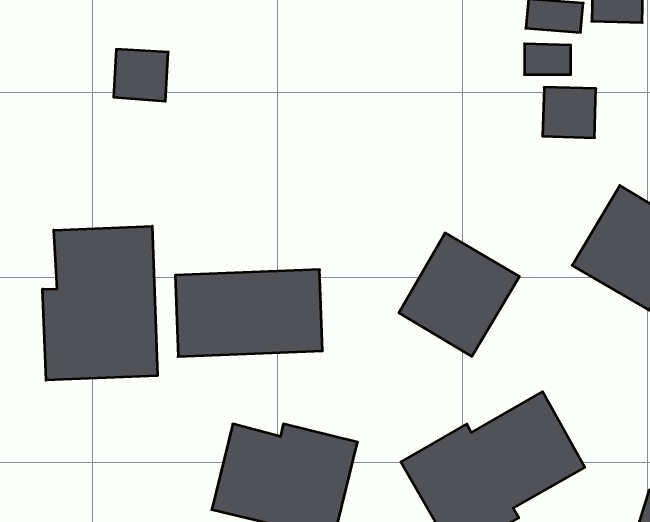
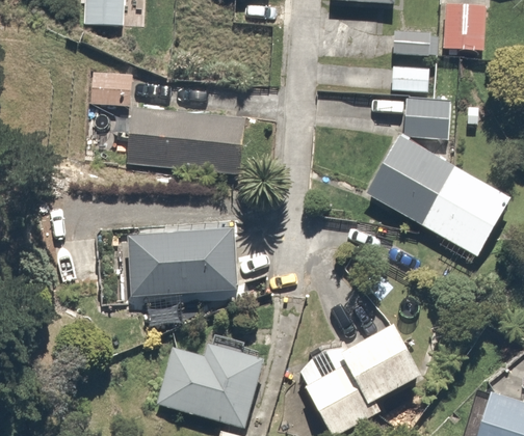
building: none -> [128,107,248,174]
building: [43,226,157,380] -> none
building: [399,233,519,356] -> [370,136,460,227]

